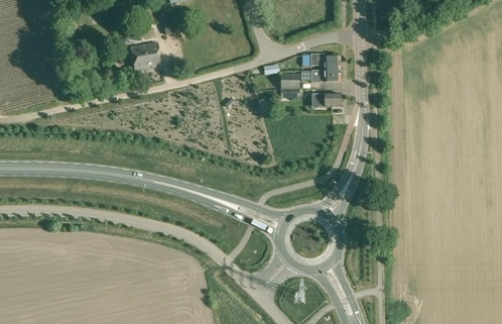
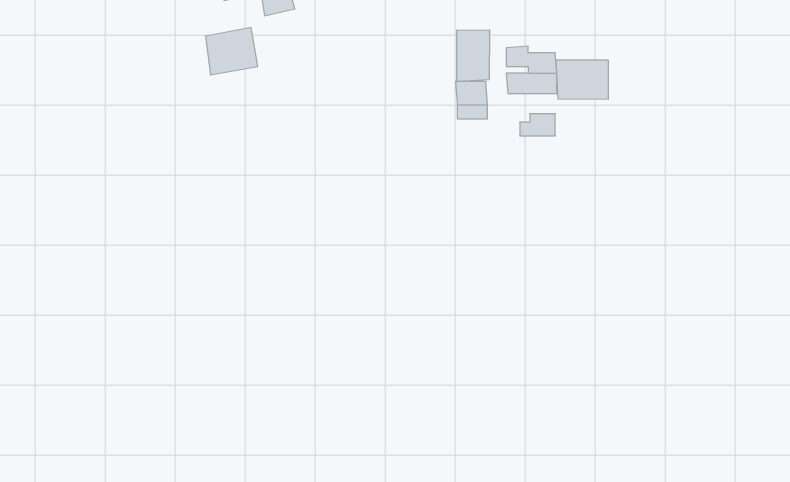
building: none -> [457,30,489,82]
building: none -> [556,60,608,99]

